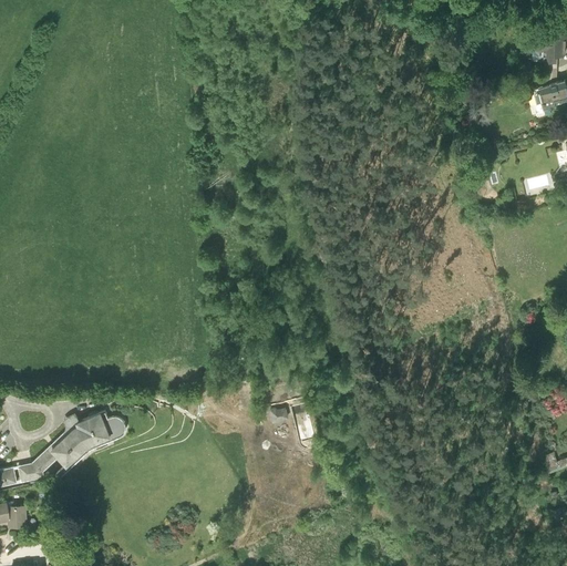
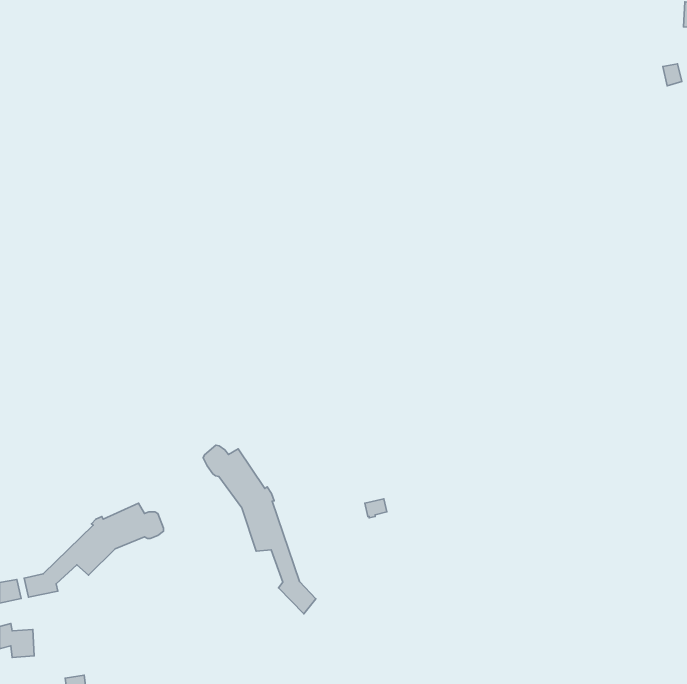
building: none -> [203,445,316,614]

